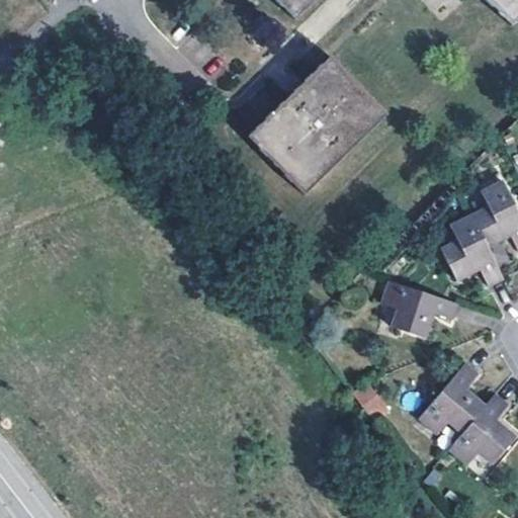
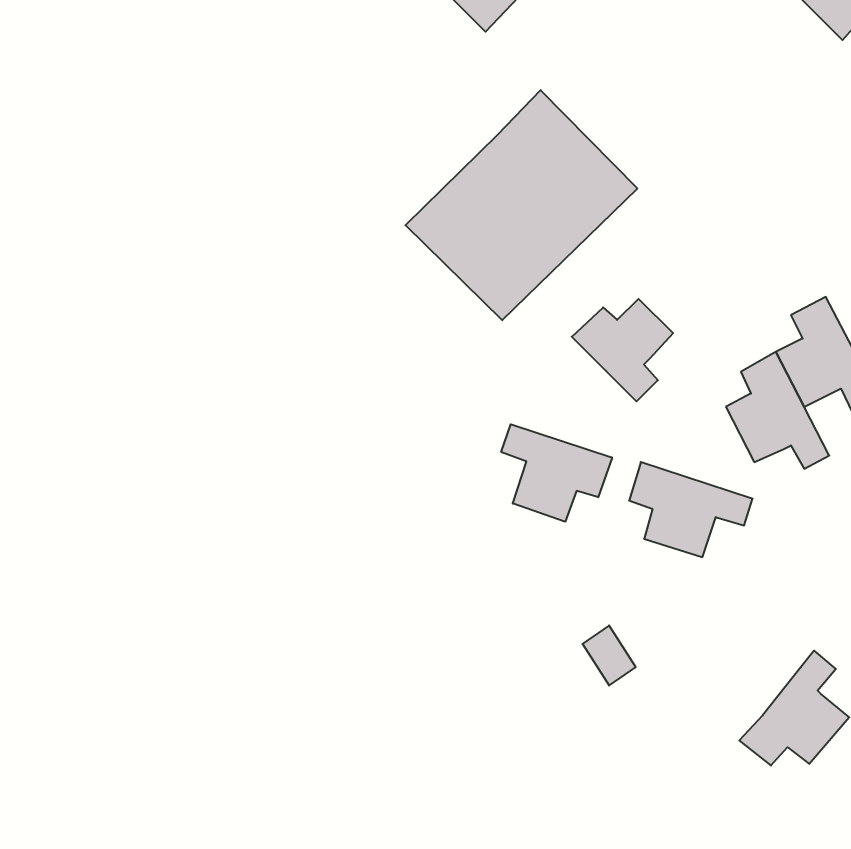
building: none -> [572,299,673,401]
building: none -> [501,424,612,522]
building: [420,364,487,434] -> none

